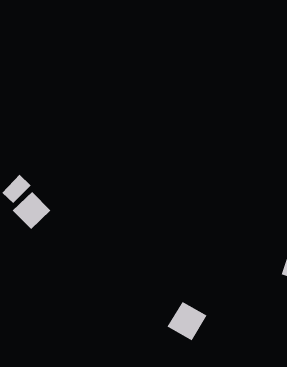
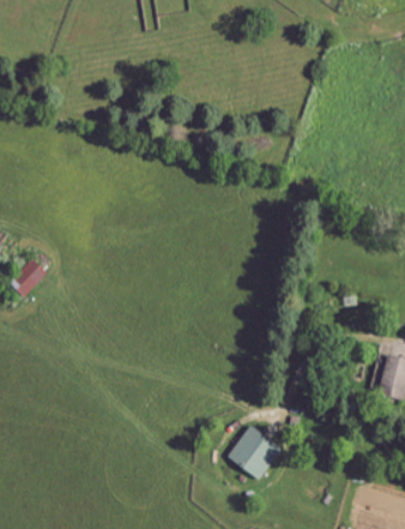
building: [12,191,51,230] -> none

